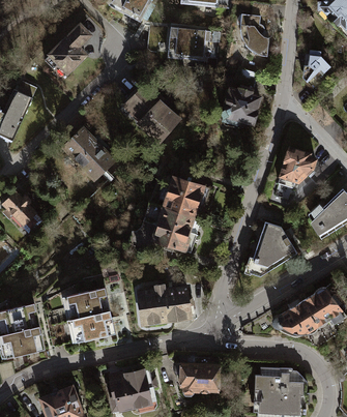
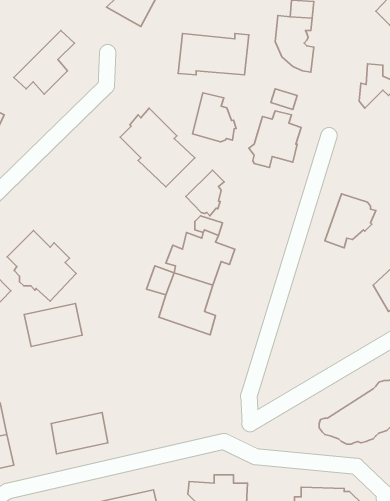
building: none -> [192,93,236,142]
building: [62,127,114,180] -> [7,231,76,301]
building: none -> [186,170,224,216]
building: [244,222,297,276] -> none
building: [137,286,191,327] -> none
building: [66,287,110,319] -> [24,303,82,346]

